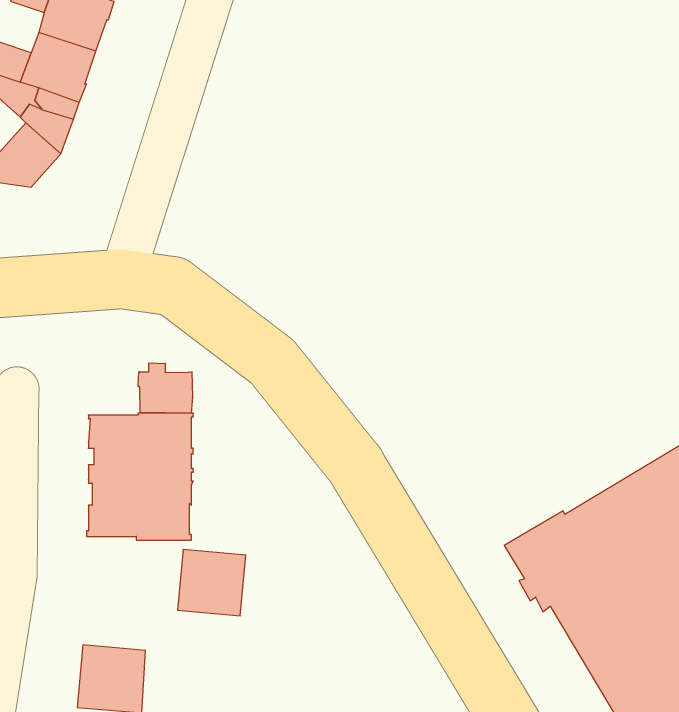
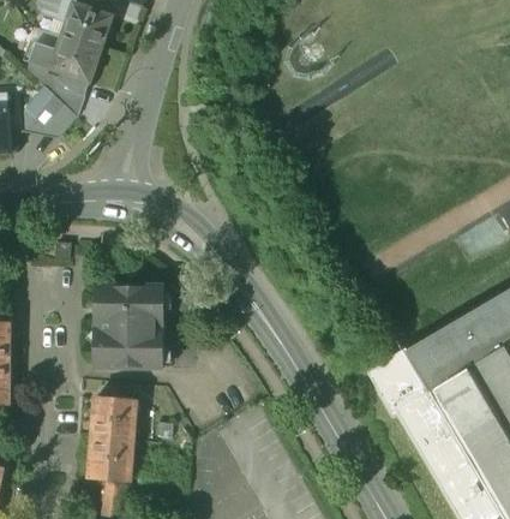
building: [138,363,192,413] -> none
building: [178,550,246,616] -> [91,396,136,440]

